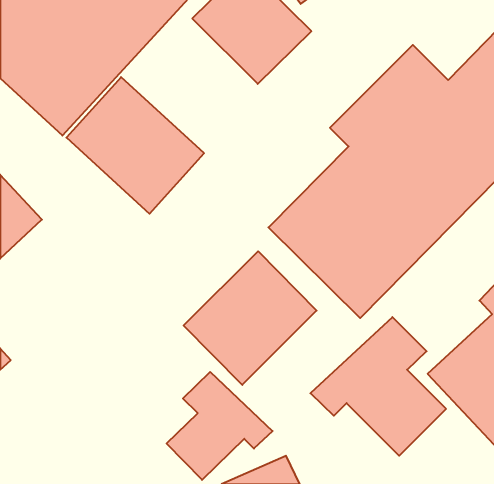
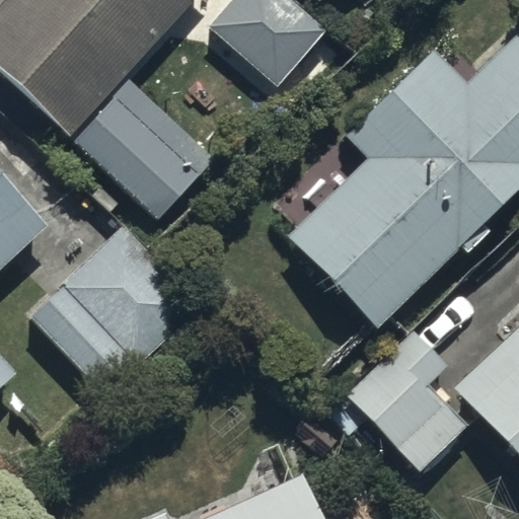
building: none -> [23,214,211,400]
building: [184,251,317,385] -> none
building: [167,372,273,480] -> none

